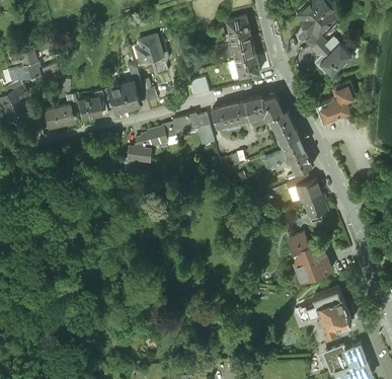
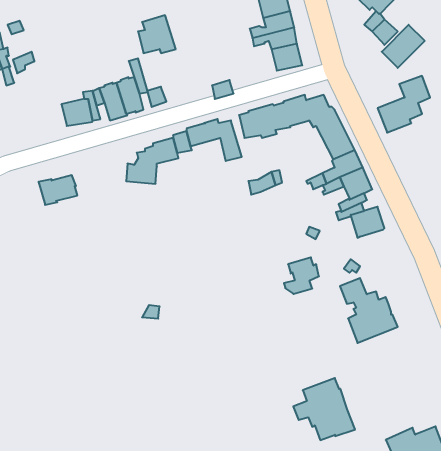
building: [44,107,73,130] -> [38,175,77,205]
building: [300,197,326,224] -> [284,257,319,294]
building: [306,288,352,334] -> [293,378,355,440]

